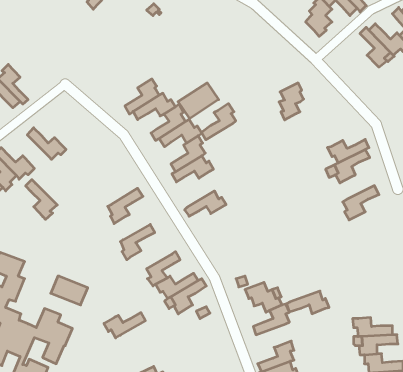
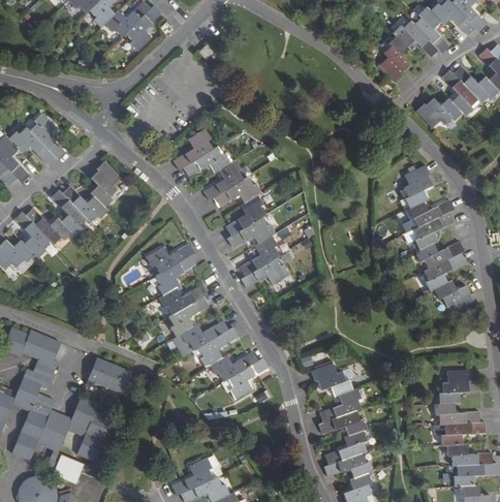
building: none -> [415,99,461,128]
building: [279,83,304,120] -> [403,165,431,208]
building: [178,83,219,118] -> none
building: [201,104,236,140] -> [240,236,279,277]
building: none -> [89,162,118,208]
building: none -> [415,241,463,268]
building: none -> [145,244,193,274]
building: [26,180,57,219] -> [51,190,87,236]
building: none -> [434,280,477,313]
building: none -> [158,285,206,314]
building: none -> [439,371,471,404]
building: [287,291,329,314] -> [319,410,368,436]
building: [104,313,145,338] -> [180,321,227,350]

